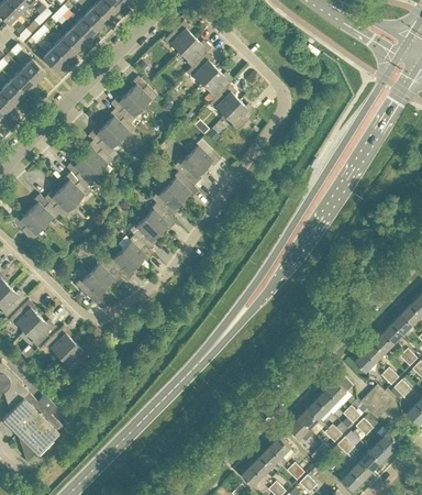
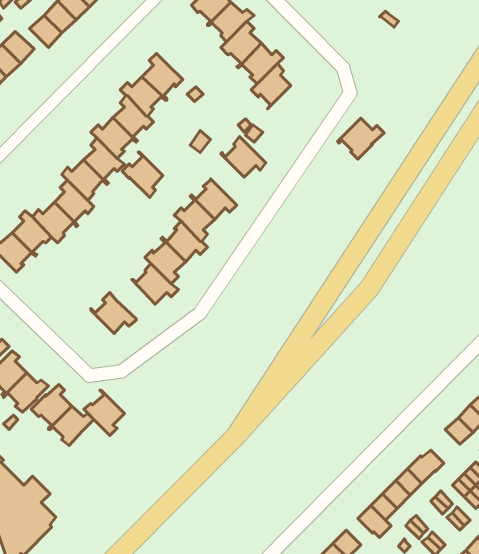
building: [221,100,256,131] -> [338,118,384,159]
building: [173,152,203,186] -> [122,152,163,197]
building: [107,246,136,282] -> none
building: [75,270,106,304] -> [84,390,125,436]

